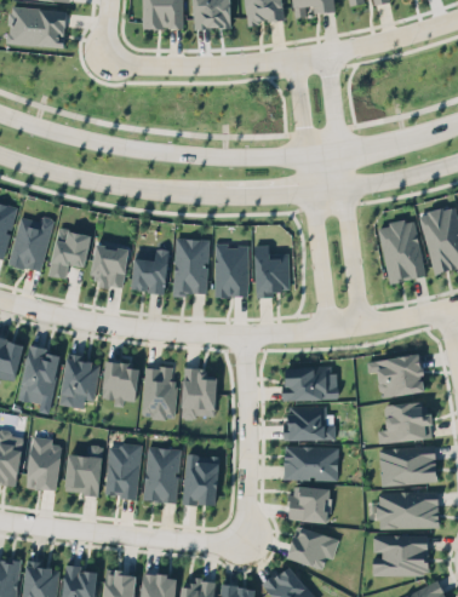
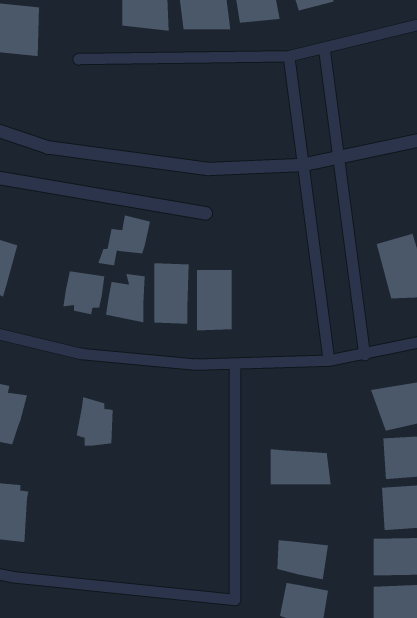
building: [46,233,95,279] -> [97,215,151,266]
building: [252,247,290,295] -> none
building: [56,355,98,412] -> none
building: [279,366,332,402] -> none
building: [141,369,174,418] -> none
building: [179,369,218,415] -> none
building: [104,444,141,501] -> none
building: [63,446,98,498] -> none
building: [282,448,337,481] -> none
building: [142,449,179,504] -> none
building: [179,454,221,510] -> none

